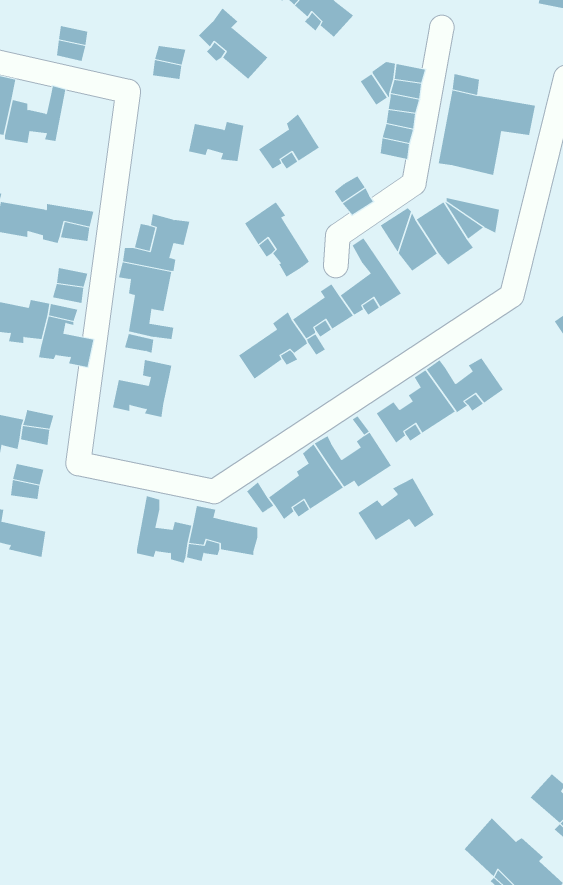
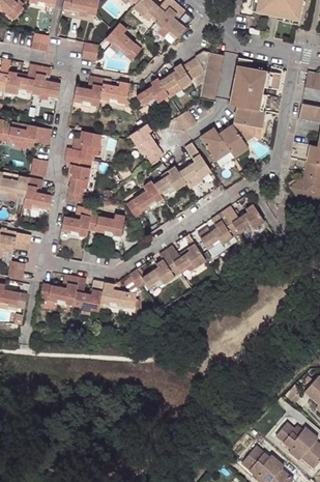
building: none -> [158,64,191,97]
building: none -> [31,66,60,98]
building: none -> [72,77,104,107]
building: none -> [233,106,264,129]
building: none -> [87,215,123,235]
building: [357,478,435,541] -> none
building: none -> [39,275,78,305]

